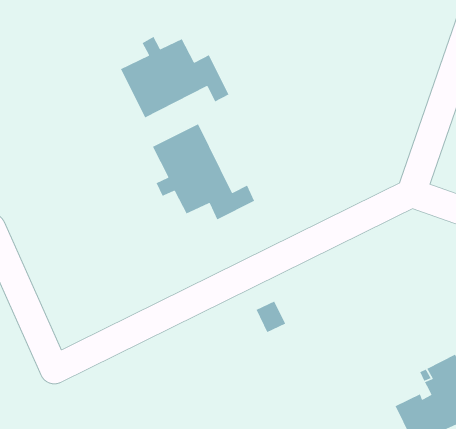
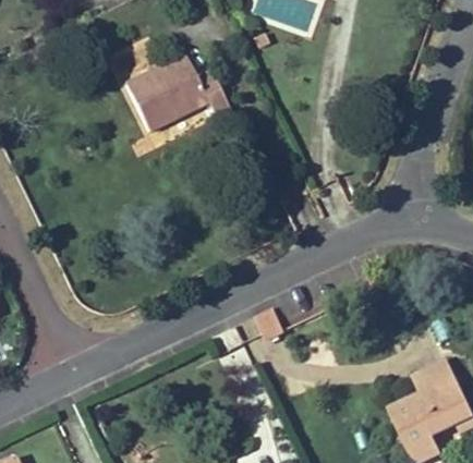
building: [152,123,255,220] -> none

